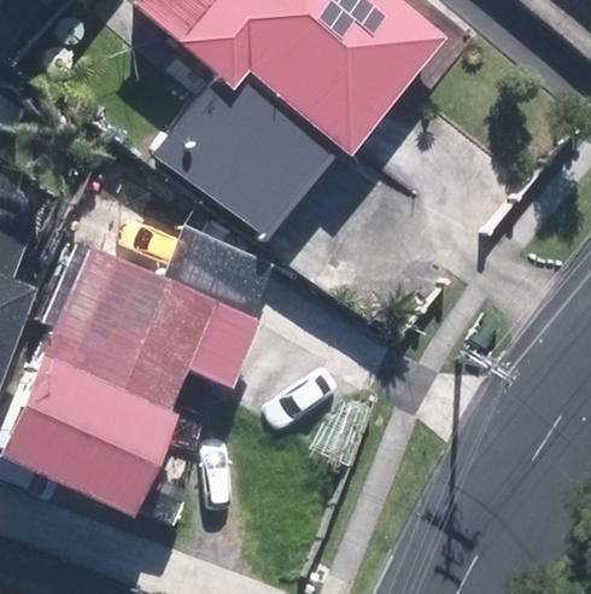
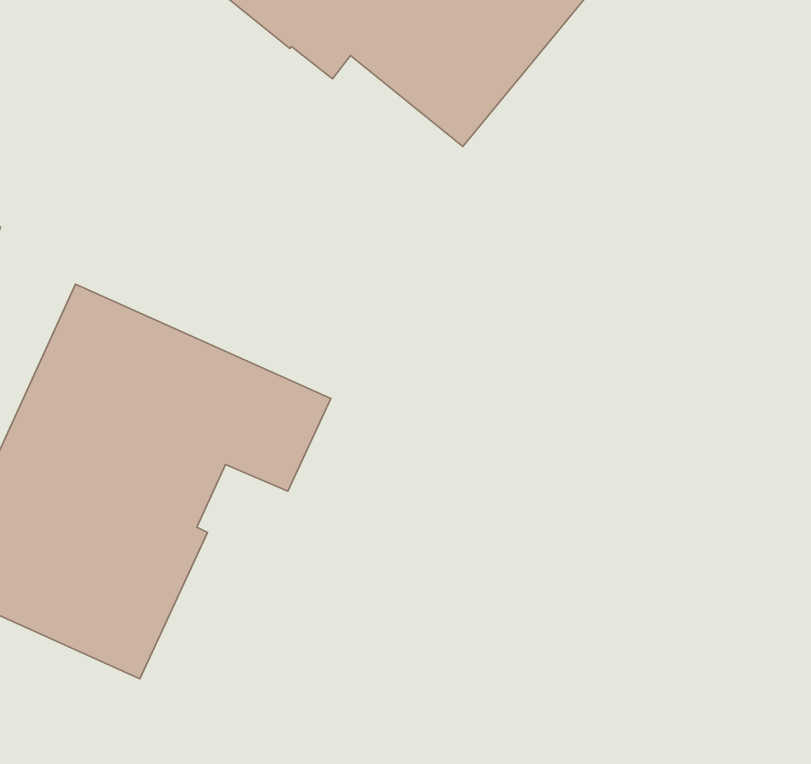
building: [160,83,293,212] -> none

